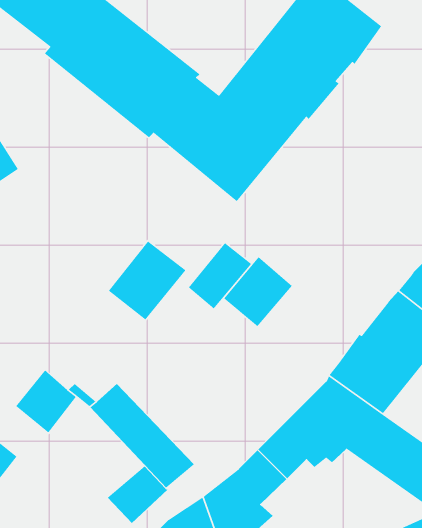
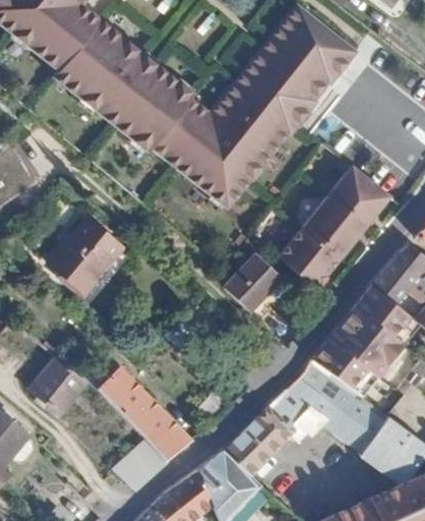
building: none -> [272,168,385,292]
building: [108,240,187,320] -> [52,220,122,291]
building: [188,242,252,310] -> none

